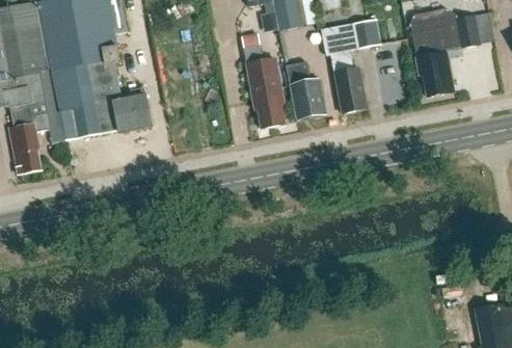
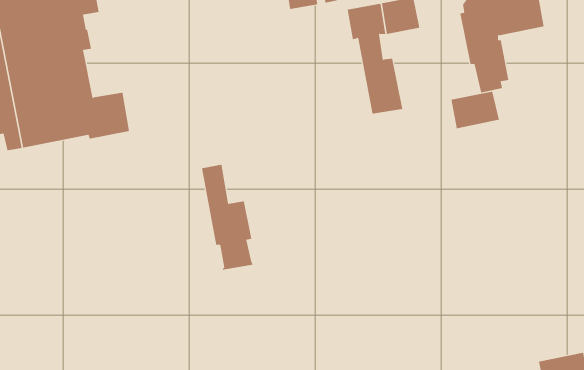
building: [243,44,285,128] -> [201,164,254,270]
building: [286,60,325,118] -> none
building: none -> [451,91,500,129]

